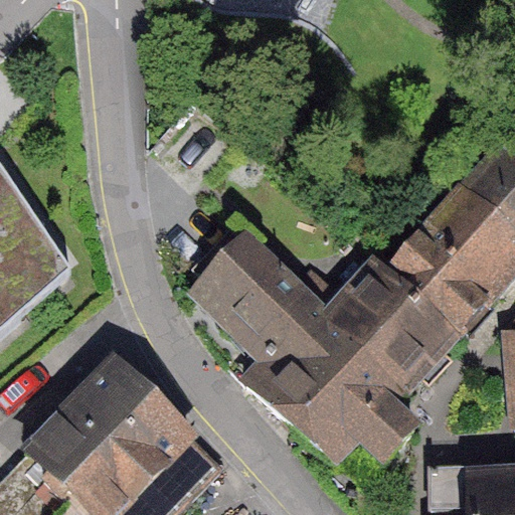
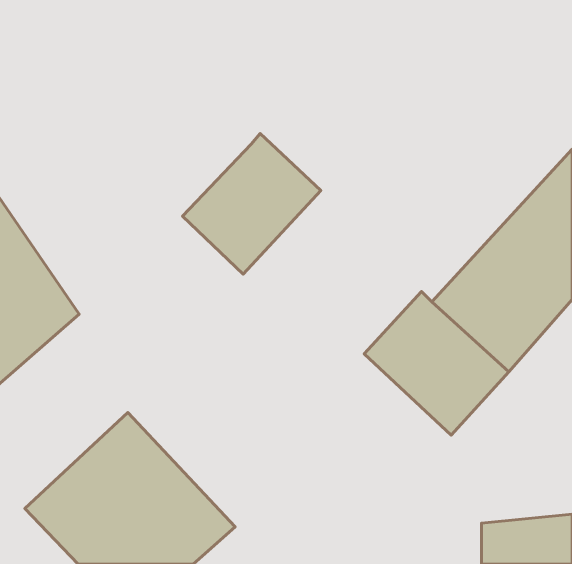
building: none -> [182,134,321,274]
building: [202,239,410,458] -> none

